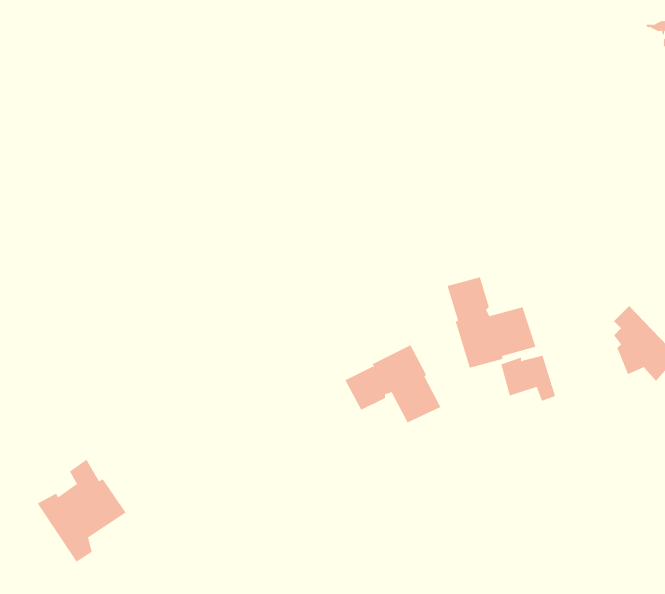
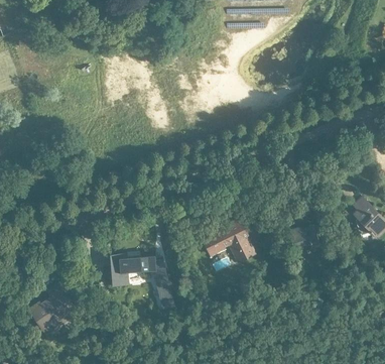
building: [447,276,536,369] -> none
building: none -> [108,252,173,309]

